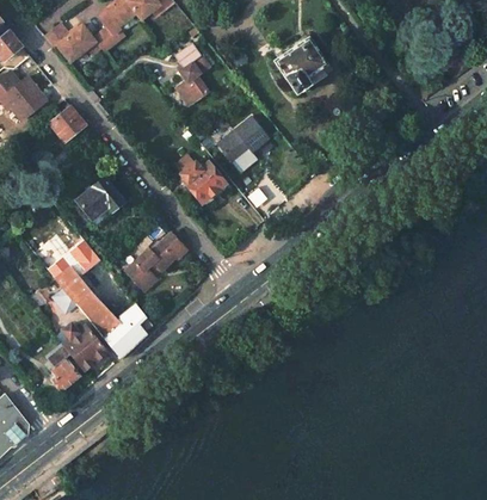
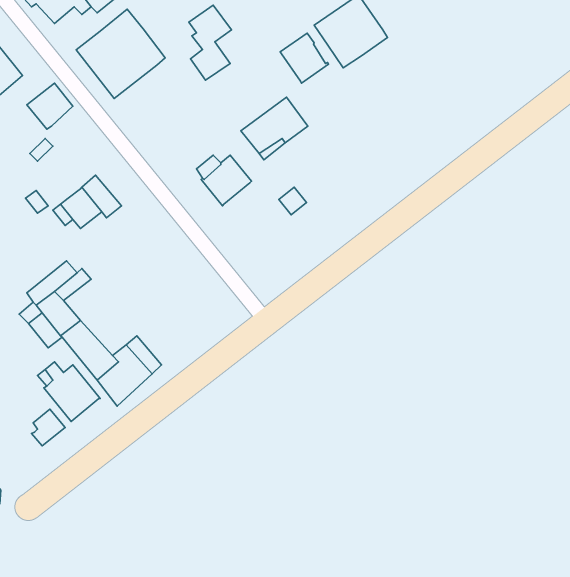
building: none -> [76,9,165,98]
building: none -> [280,33,329,83]
building: [125,239,189,291] -> none

